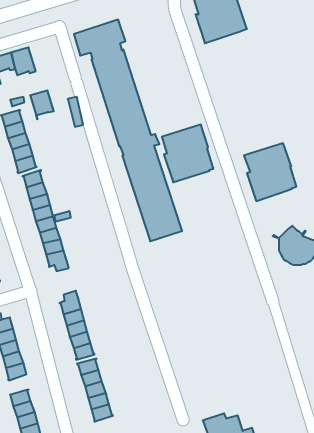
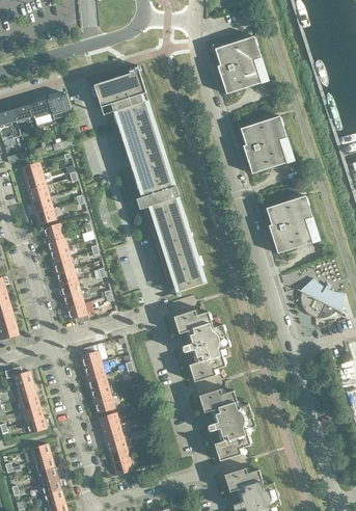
building: [30,91,54,119] -> [49,93,73,123]
building: [162,125,213,182] -> [241,115,293,173]
building: none -> [174,310,230,381]
building: none -> [199,388,255,460]

